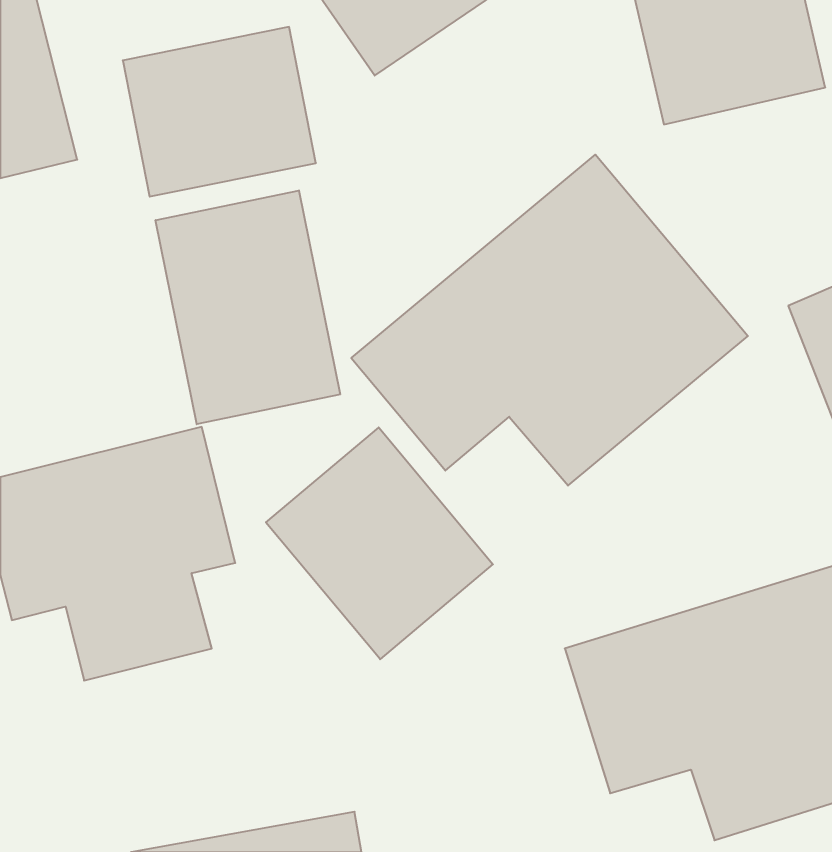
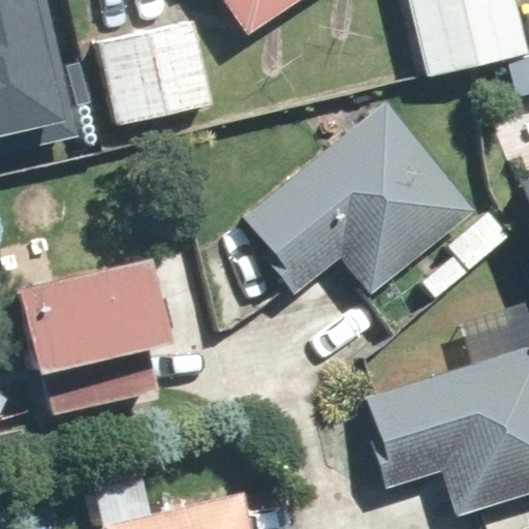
building: [156,190,340,424] -> none
building: [266,427,493,659] -> none

